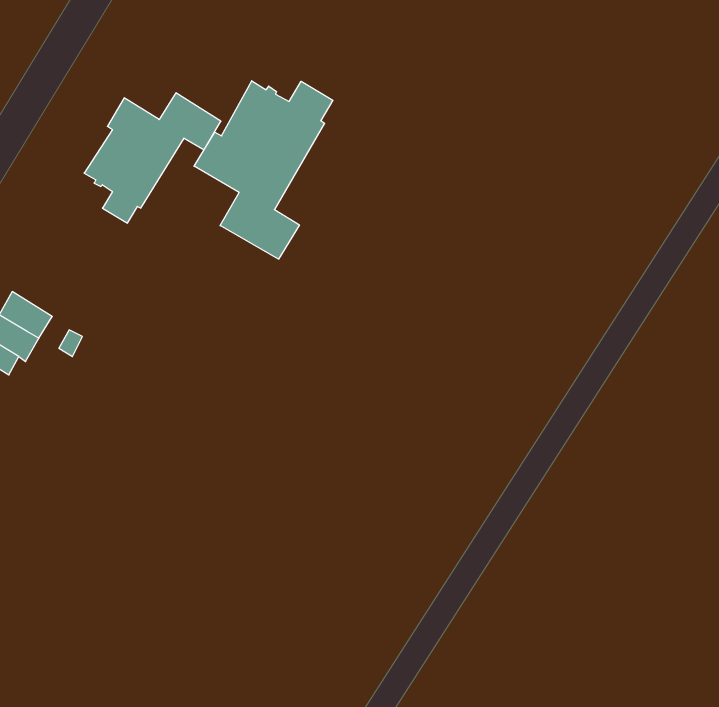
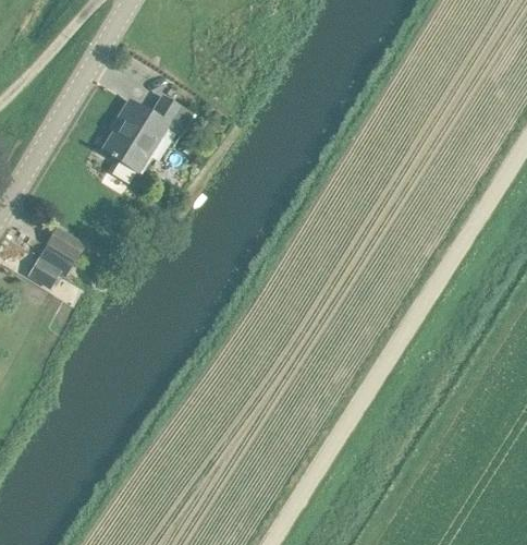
building: [194,81,333,259] -> none

